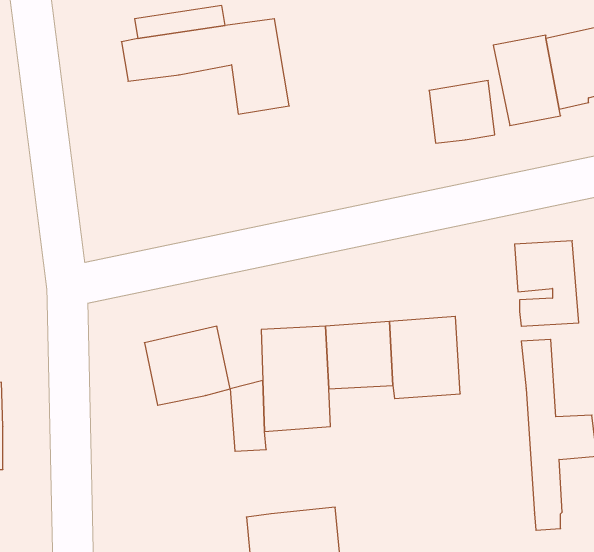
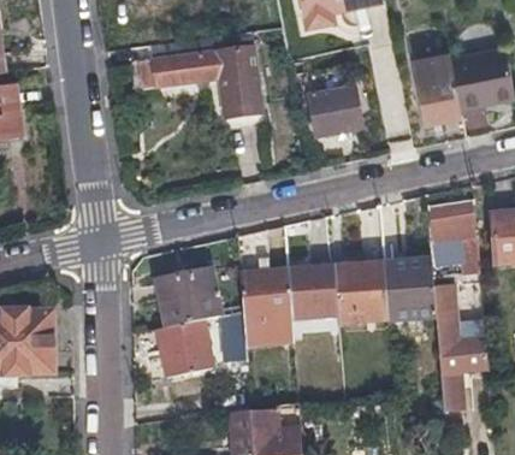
building: [429,81,495,143] -> [312,90,360,136]
building: none -> [384,259,436,319]
building: none -> [155,320,211,378]

